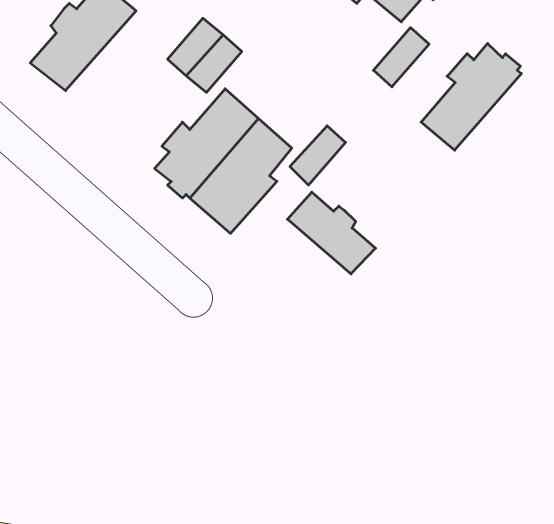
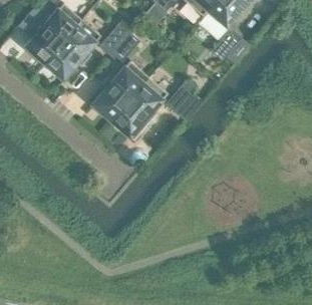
building: none -> [44,18,100,77]
building: [421,43,521,150] -> none
building: [287,192,376,274] -> none

